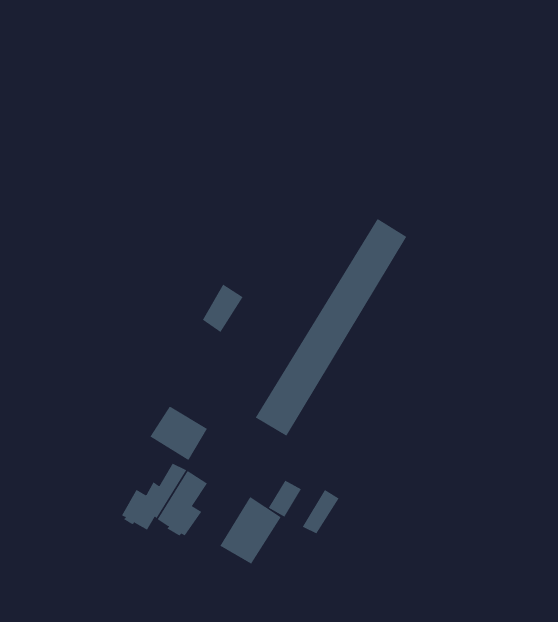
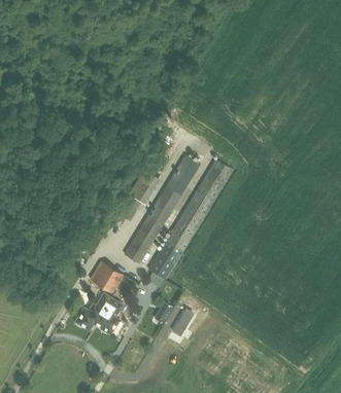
building: none -> [125,152,200,262]
building: [219,496,281,565] -> none

